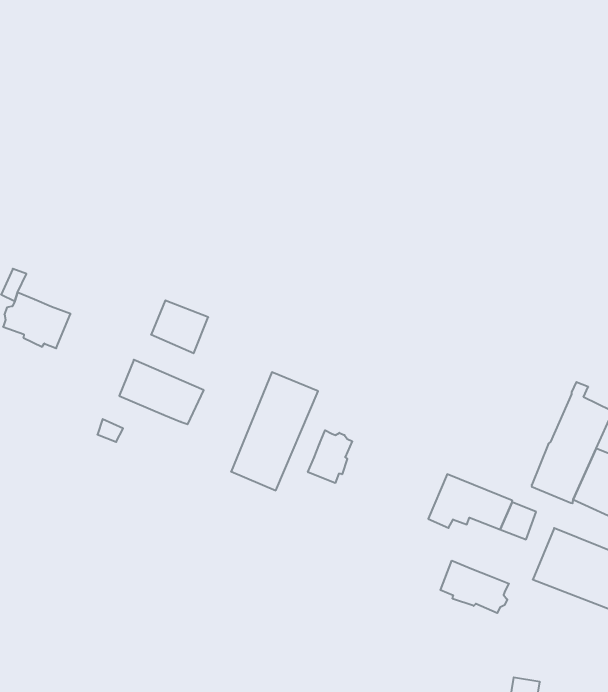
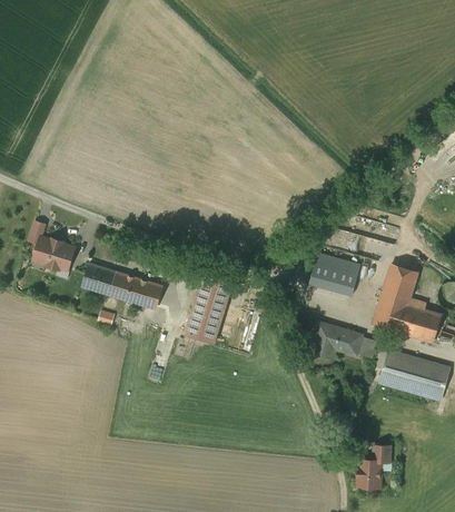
building: [151,300,208,353] -> [82,264,117,295]
building: none -> [309,254,360,295]
building: [308,430,352,483] -> none
building: [440,561,509,613] -> none

